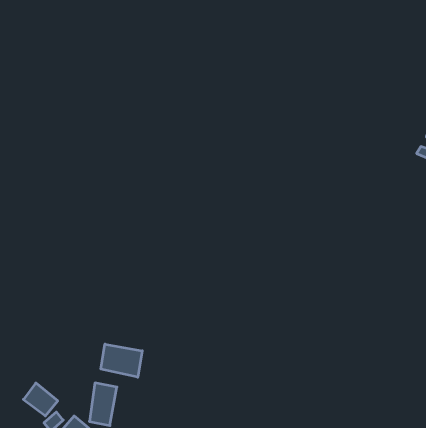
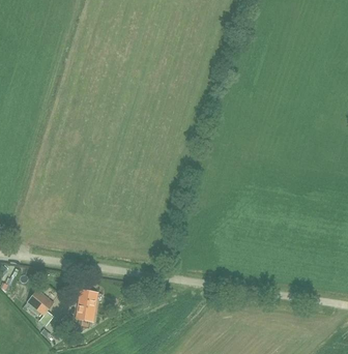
building: [101,344,142,377] -> none

